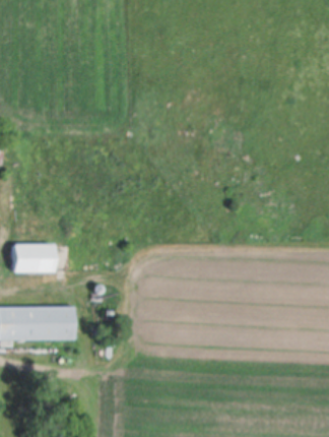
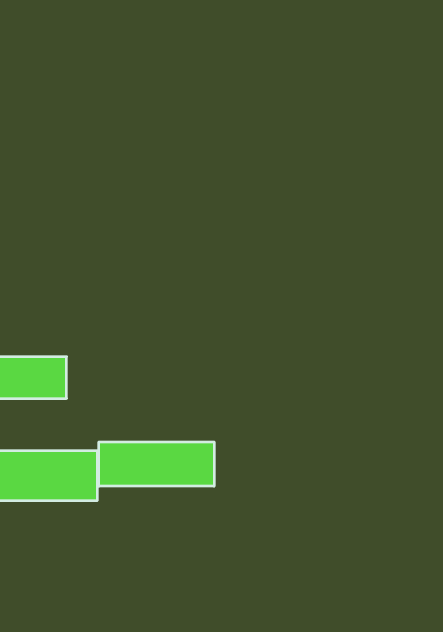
building: none -> [99,442,214,486]

